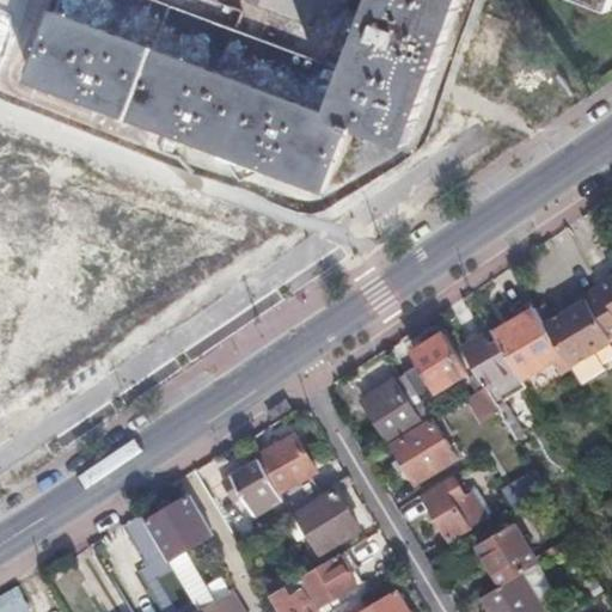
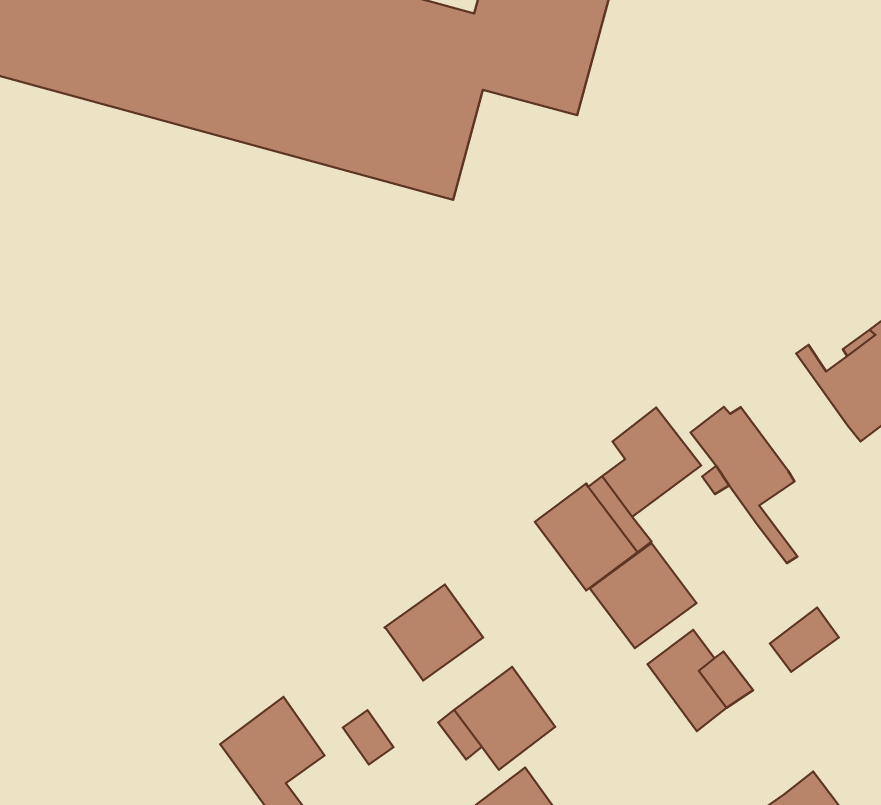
building: [490,307,561,381] -> none
building: [230,459,281,516] -> none
building: [475,524,537,587] -> none

